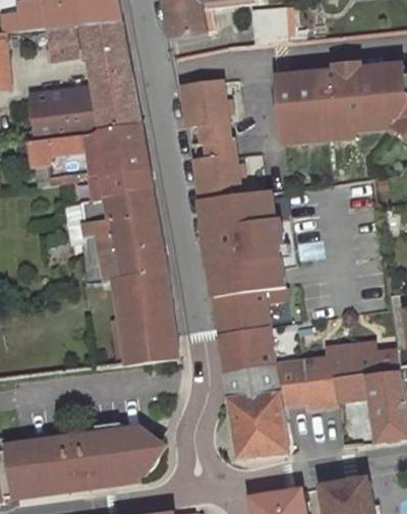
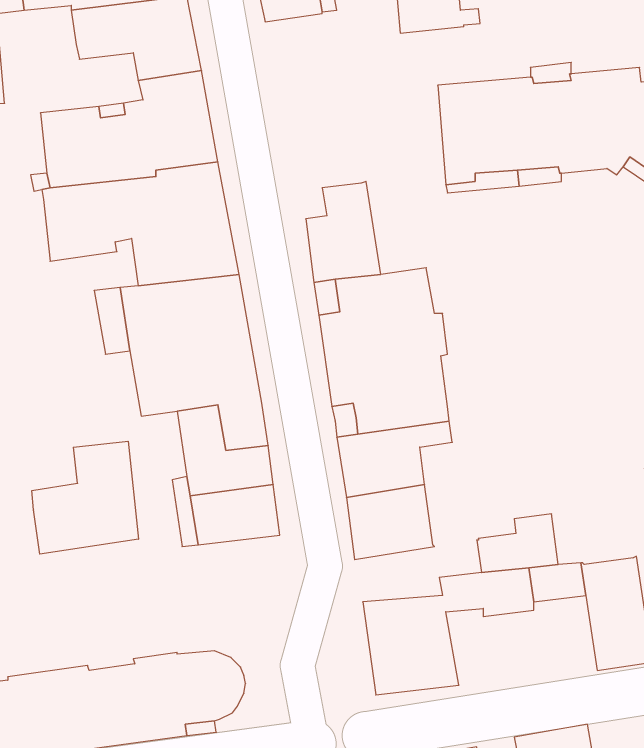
building: [181,80,229,141] -> none
building: none -> [32,441,138,554]
building: [348,342,399,376] -> none
building: [225,360,304,399] -> none

